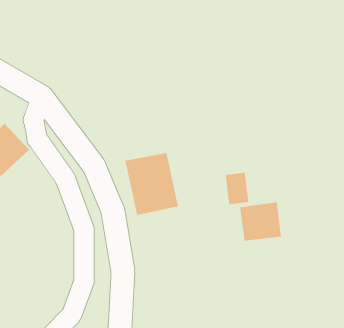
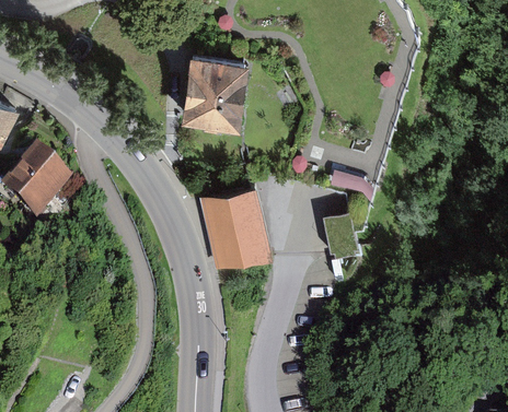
building: none -> [182,62,242,129]
building: [239,202,282,242] -> none

